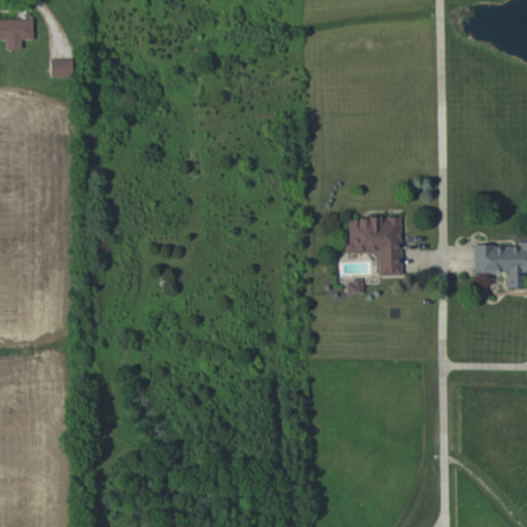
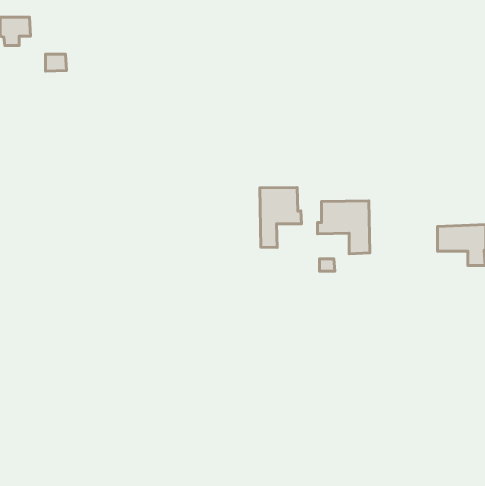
building: none -> [260,187,301,248]

